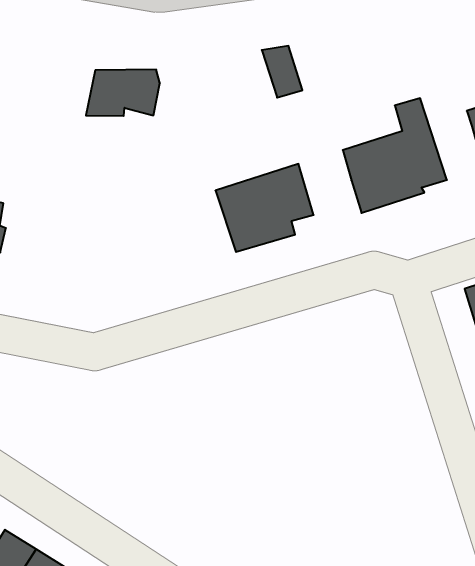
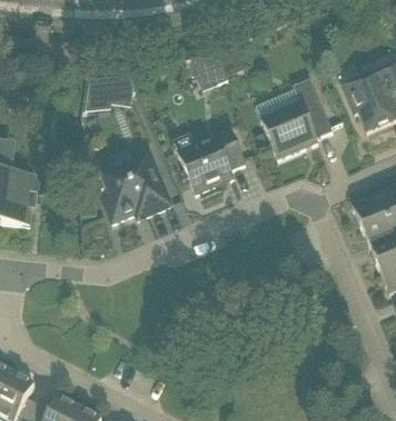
building: none -> [98,149,170,219]

